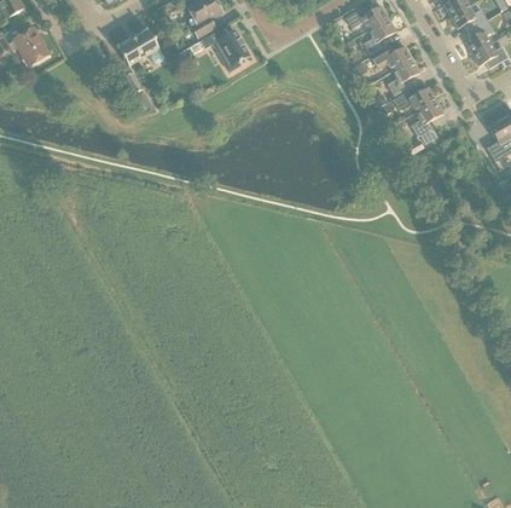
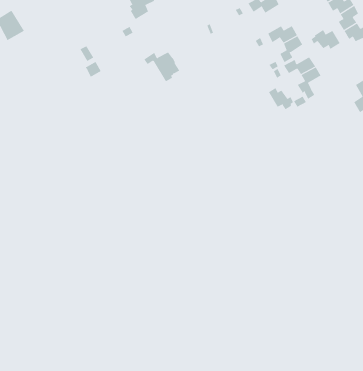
building: [362,17,395,53] -> none
building: [199,29,248,70] -> [144,51,180,82]
building: [117,30,163,65] -> none
building: none -> [311,29,340,50]
building: none -> [268,87,294,110]

